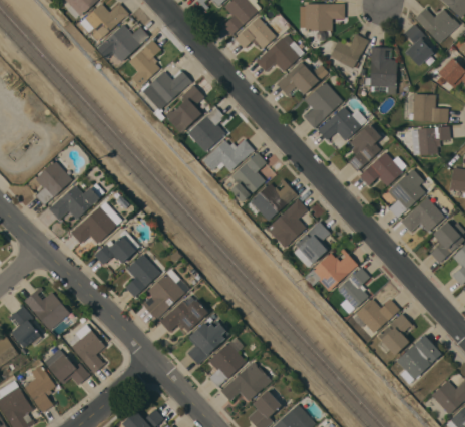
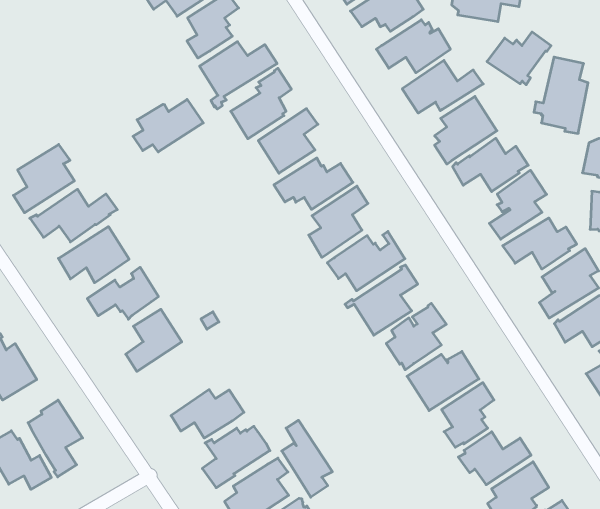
building: none -> [133,99,203,152]
building: [142,270,185,319] -> none
building: none -> [282,420,332,497]

